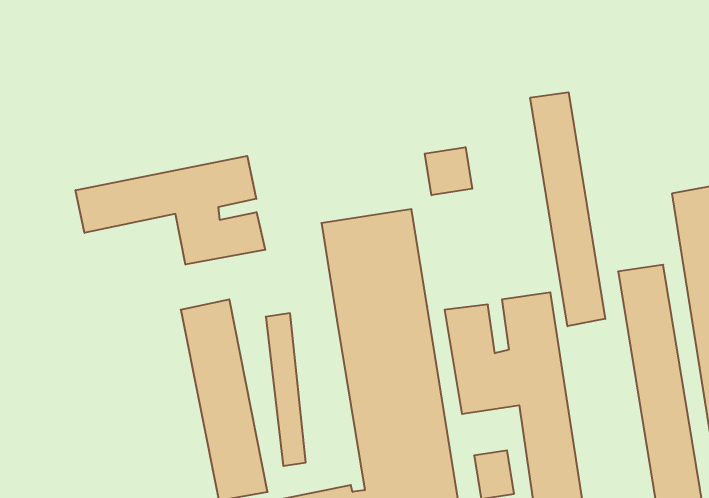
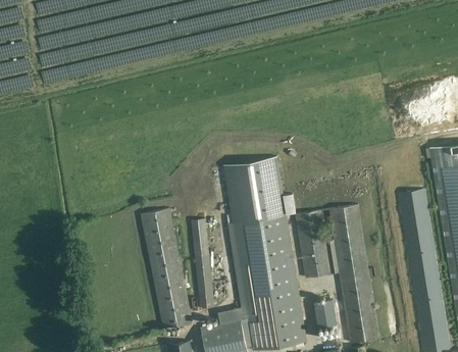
building: [530,92,605,326] -> none
building: [425,147,472,195] -> none
building: [76,156,265,265] -> none

